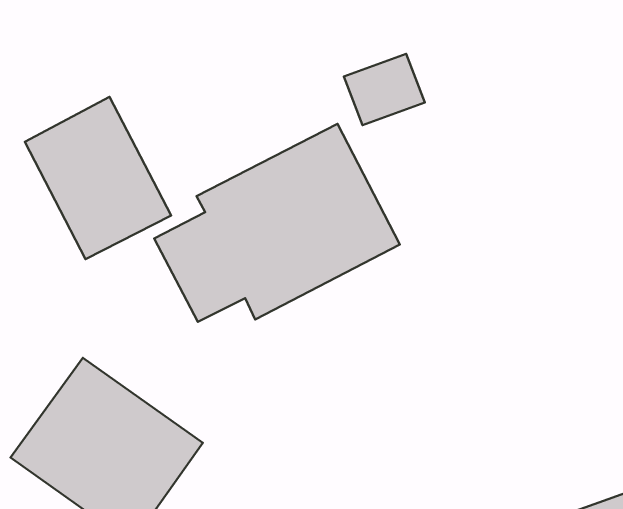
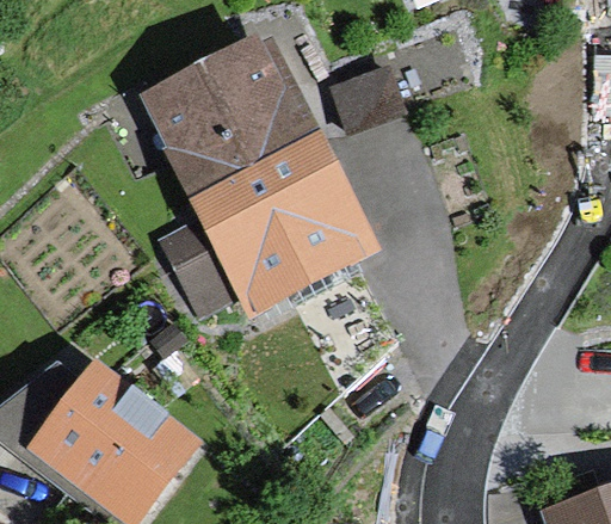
building: none -> [140,26,328,199]
building: [25,97,171,259] -> none

